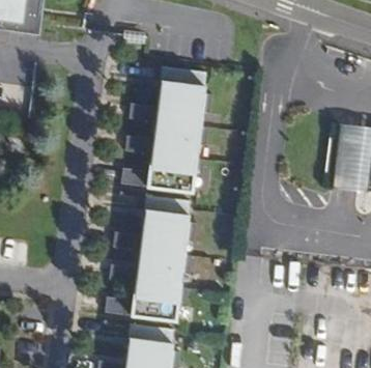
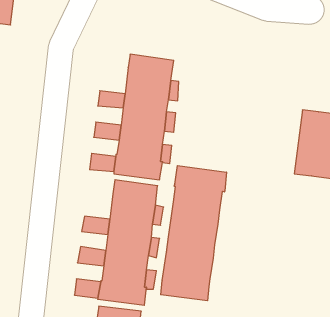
building: none -> [161,166,226,301]

